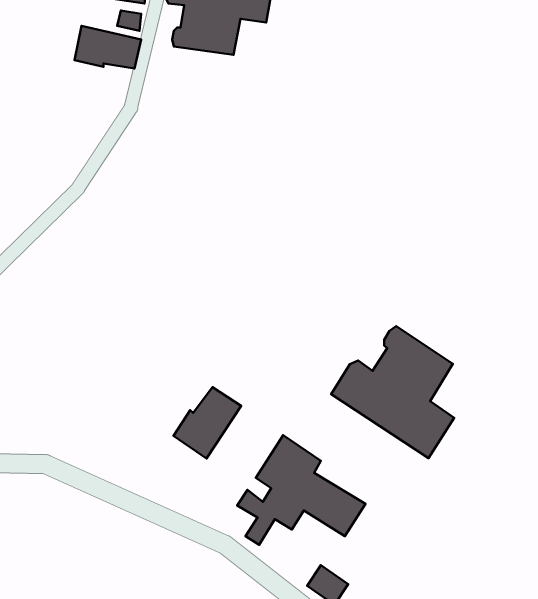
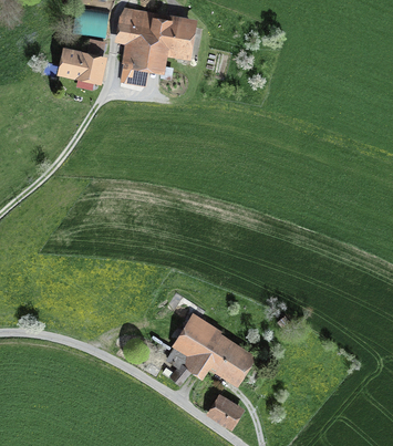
building: [331,326,454,458] -> none
building: [174,387,241,459] -> none

